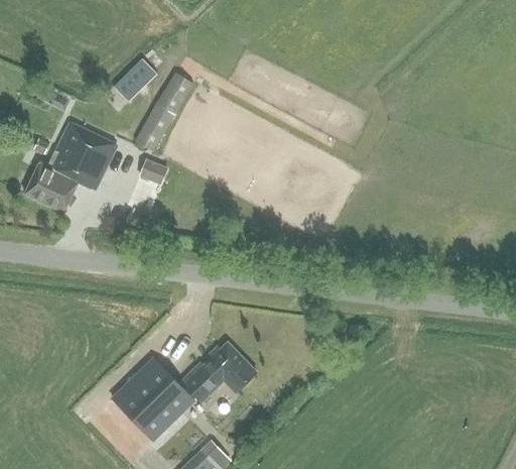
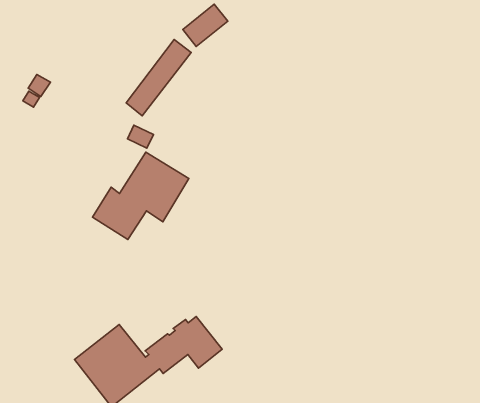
building: [115,56,158,100] -> [183,4,228,46]
building: [25,124,116,212] -> [92,152,189,239]

